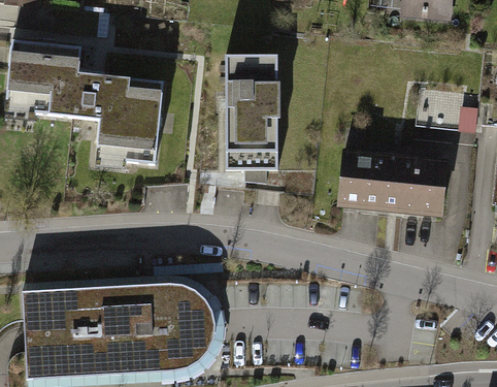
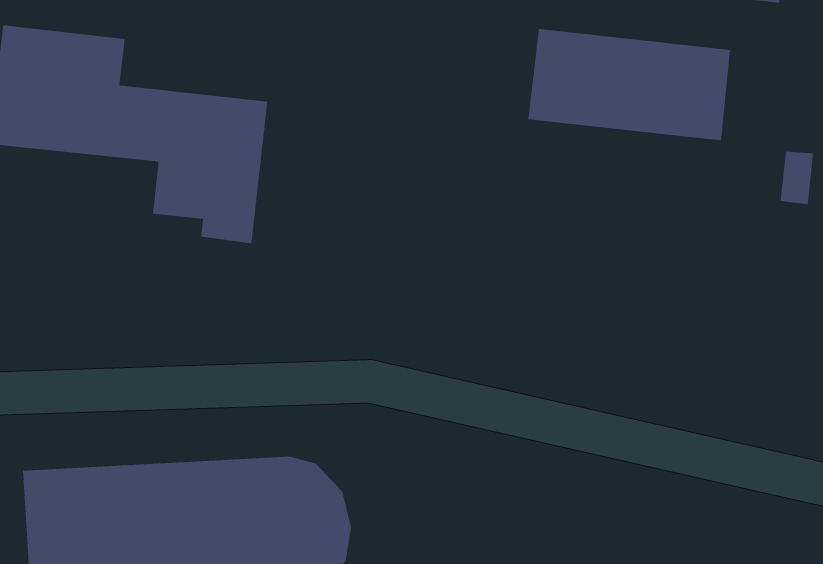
building: [224,55,276,184] -> none
building: [337,153,455,218] -> [528,29,731,141]

